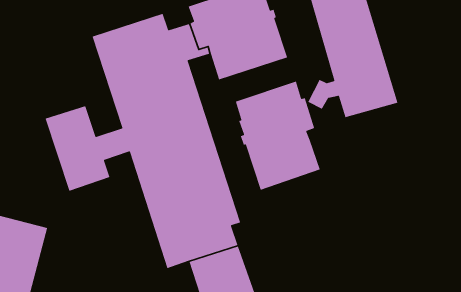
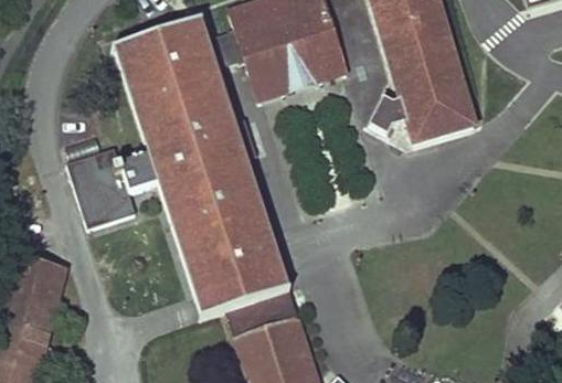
building: [235,80,321,191] -> none

